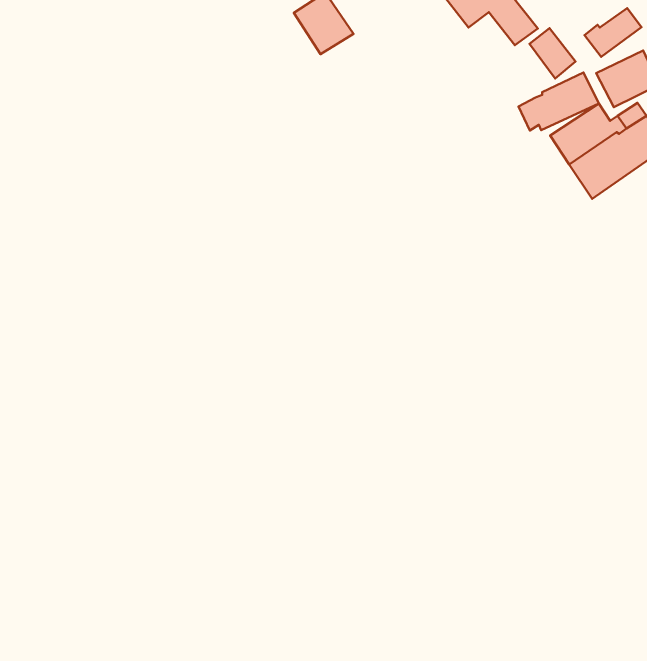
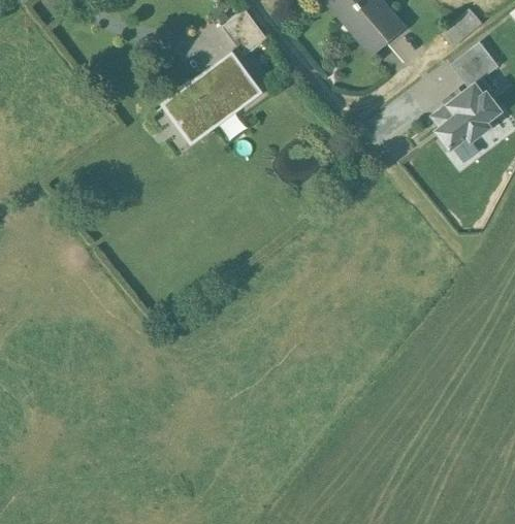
building: [529,28,576,78] -> [354,19,389,56]
building: none -> [159,64,259,132]
building: [519,72,599,130] -> none

